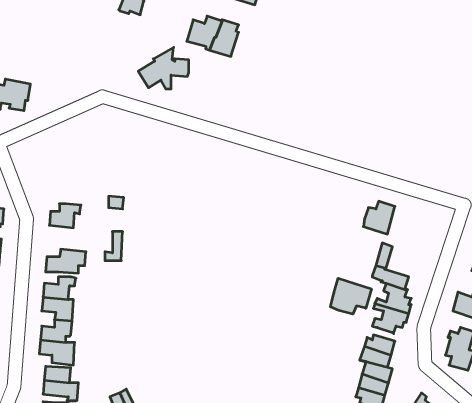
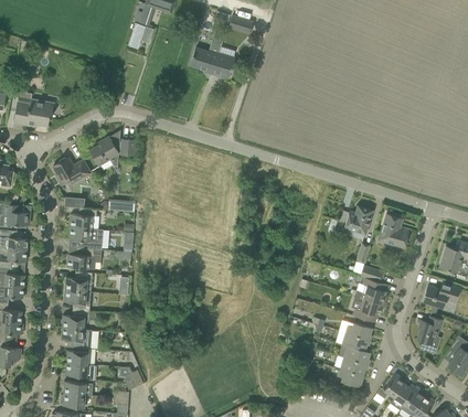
building: [138,47,189,89] -> [89,129,134,165]
building: none -> [53,157,89,184]
building: none -> [377,213,410,247]
building: none -> [68,226,102,249]
building: [330,278,371,314] -> none

